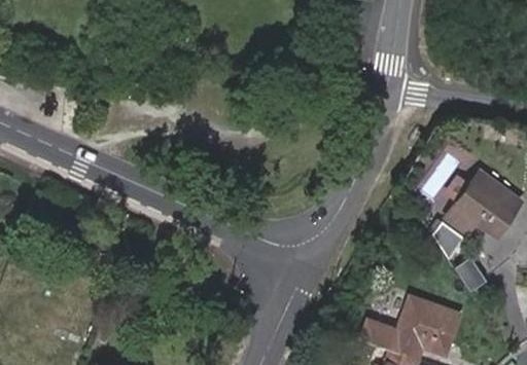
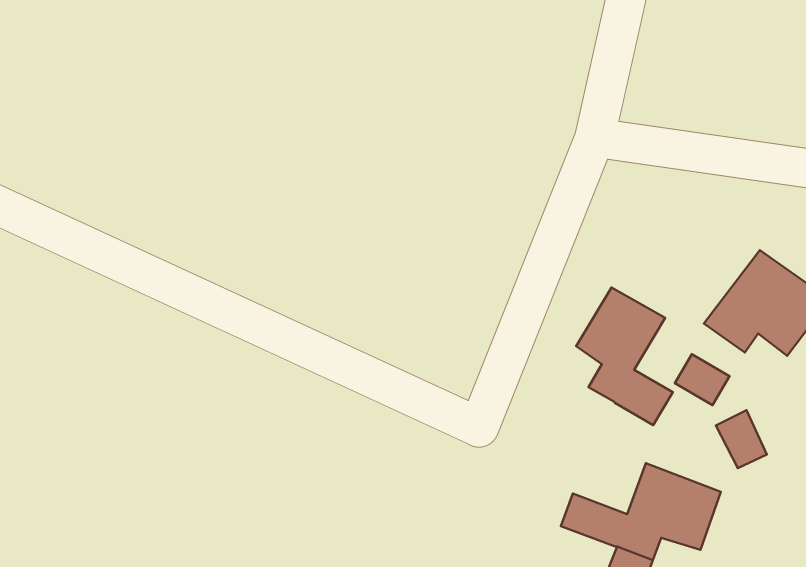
building: none -> [576,288,673,425]

